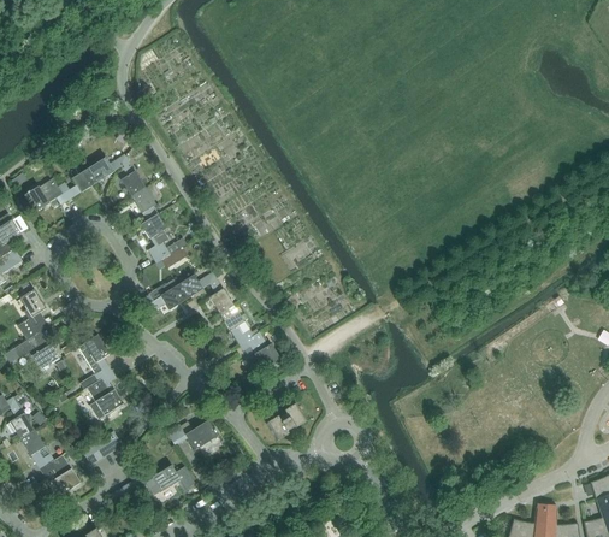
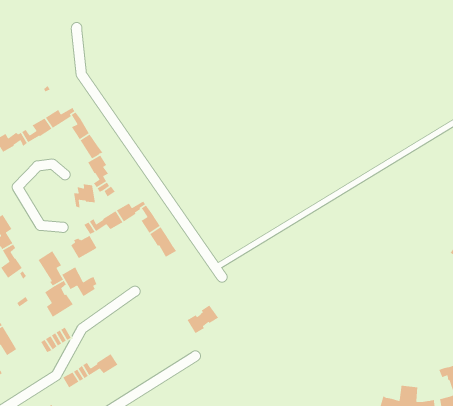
building: none -> [73,184,96,209]
building: none -> [70,235,97,259]
building: [240,331,280,368] -> none
building: none -> [61,266,98,297]
building: [166,420,218,450] -> none
building: [40,454,81,494] -> none

